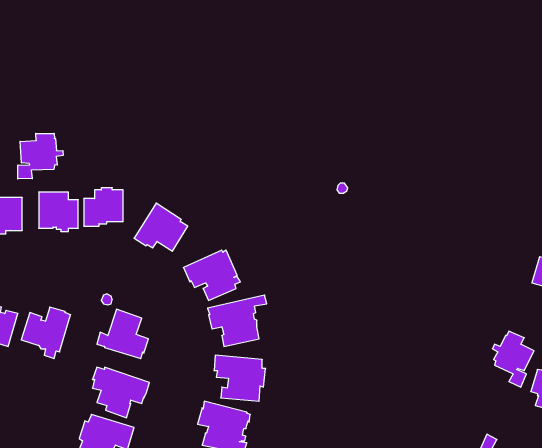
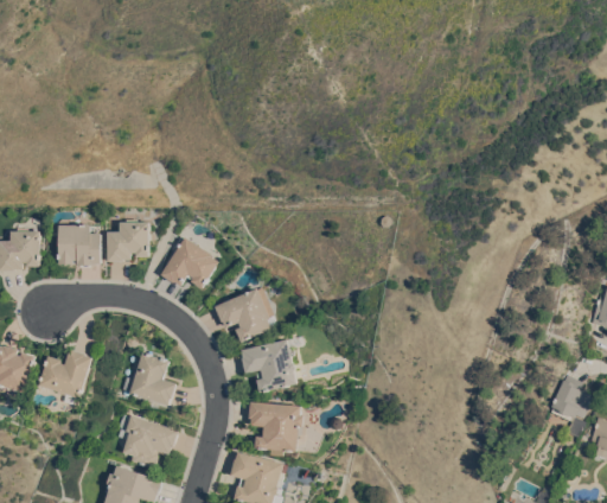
building: [18,133,63,179] -> none

